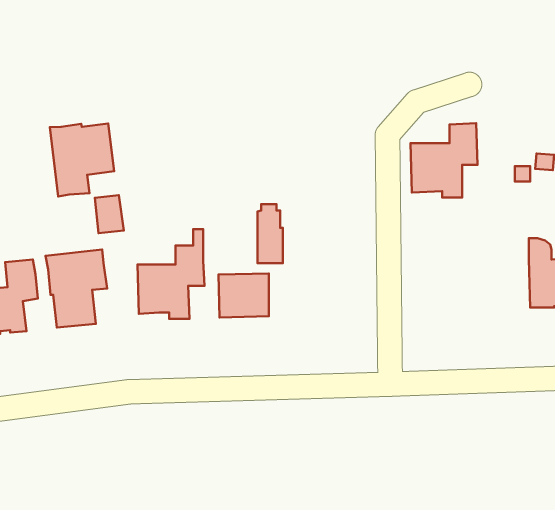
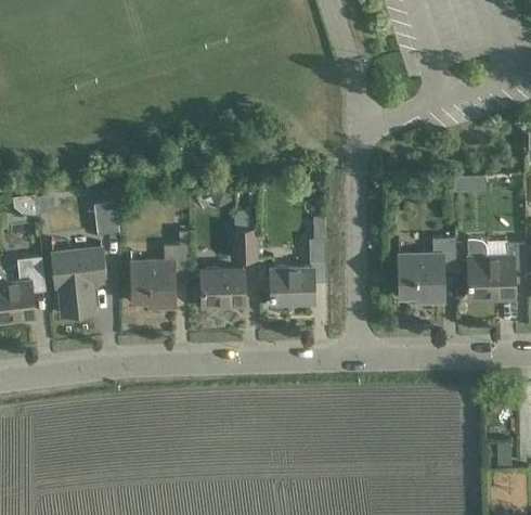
building: [410,123,477,198] -> [399,237,456,301]
building: [50,123,114,196] -> none
building: none -> [270,224,326,305]

